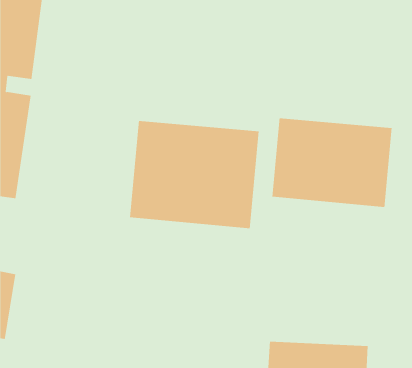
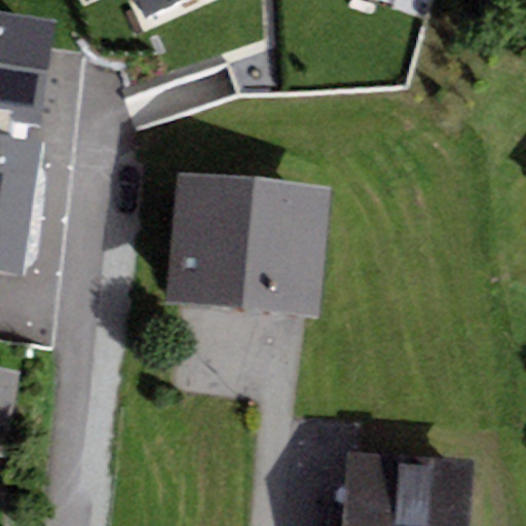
building: [272,118,392,208] -> none

